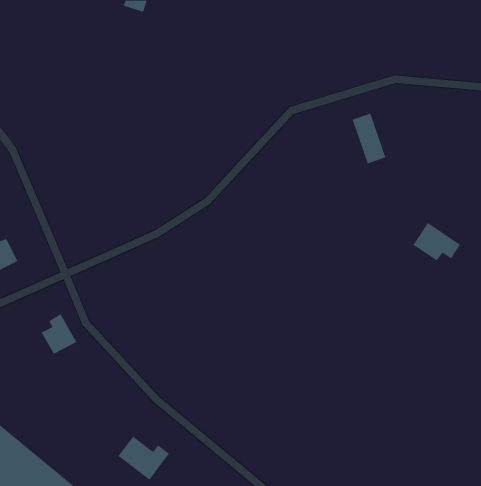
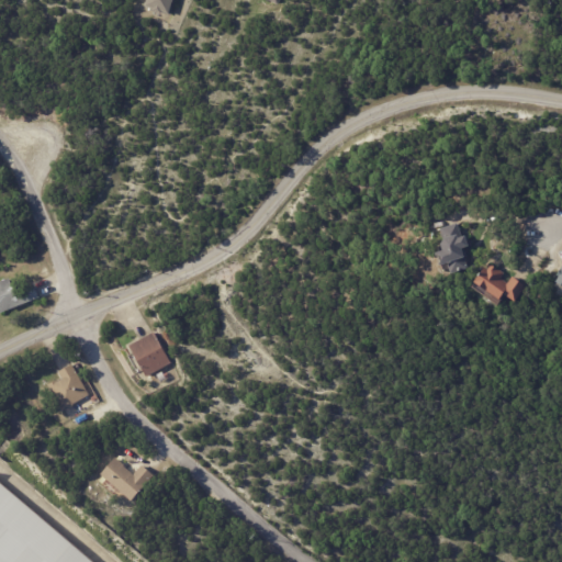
building: [352,113,386,164] -> [430,213,470,272]
building: none -> [131,335,168,375]
building: [118,436,170,481] -> [94,453,155,505]

